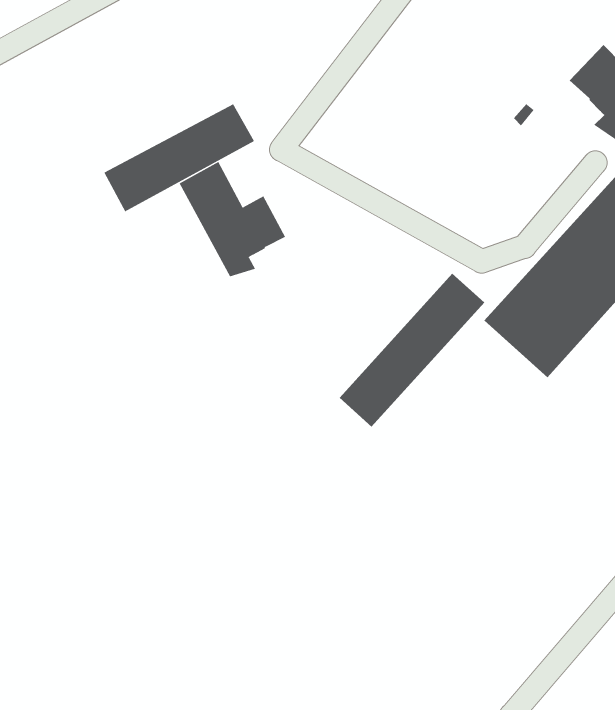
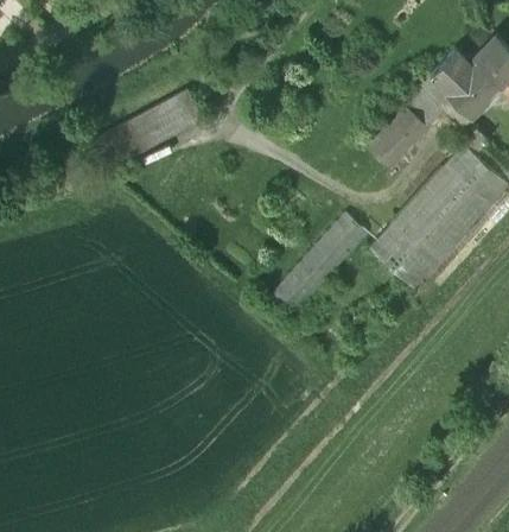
building: none -> [367,75,451,167]
building: [179,161,286,277] -> none

